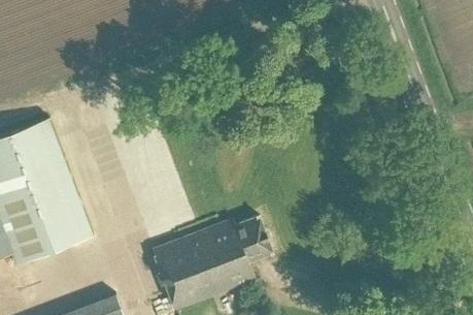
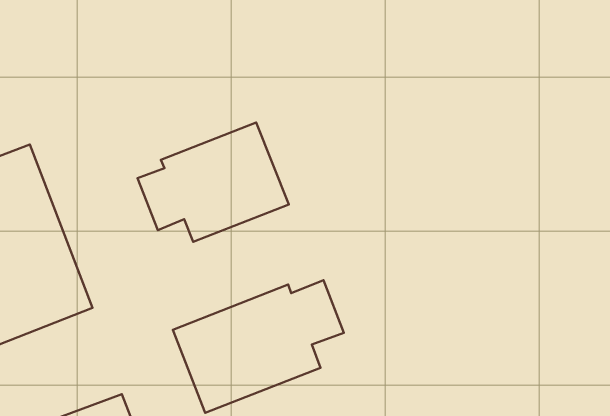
building: none -> [137,122,289,242]

